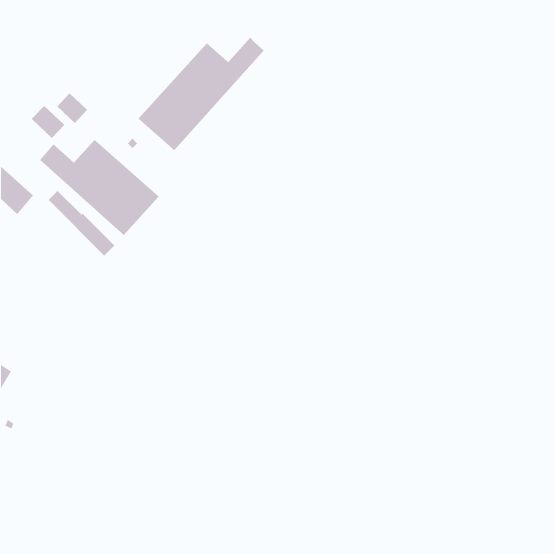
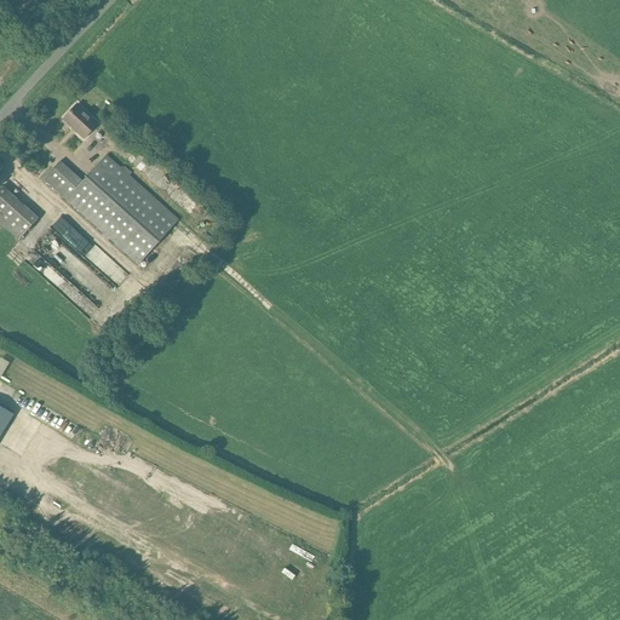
building: [137,37,265,151] -> none
building: [31,105,65,139] -> none

